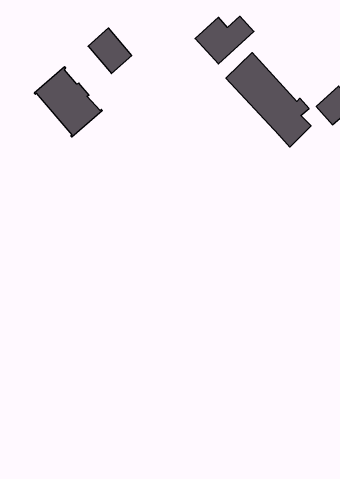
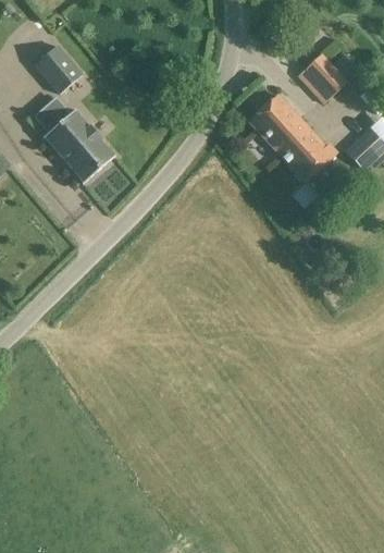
building: [195,16,254,64] -> [297,52,360,103]
building: [88,28,132,74] -> [35,45,82,94]

